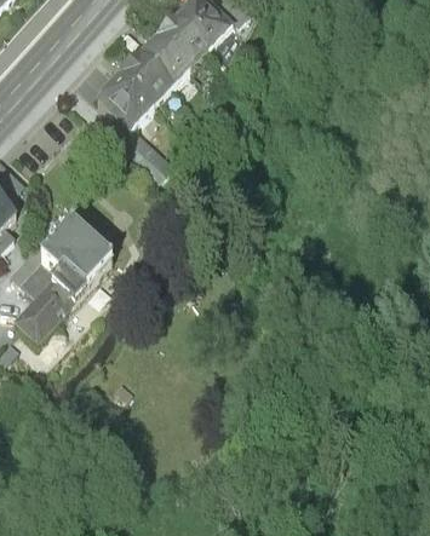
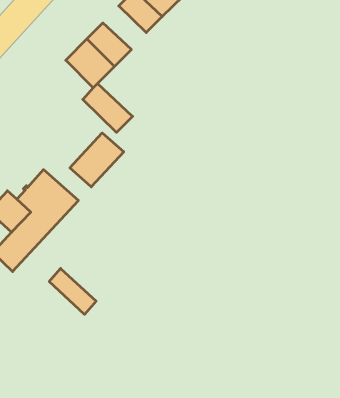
building: [141,36,190,86] -> none
building: none -> [70,133,124,187]
building: none -> [49,268,96,314]

